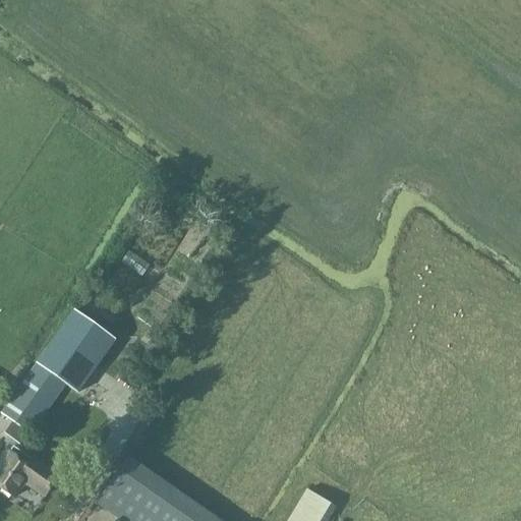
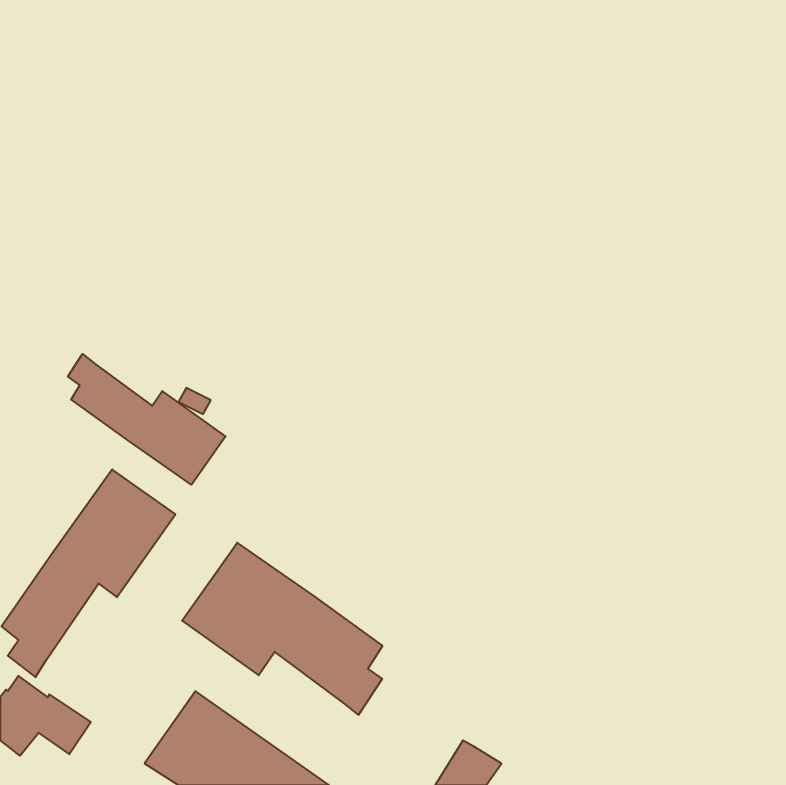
building: none -> [68,354,226,485]
building: none -> [182,543,382,715]

